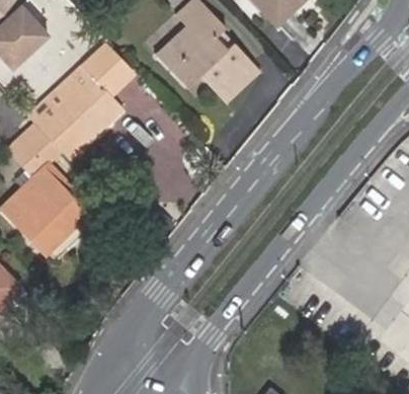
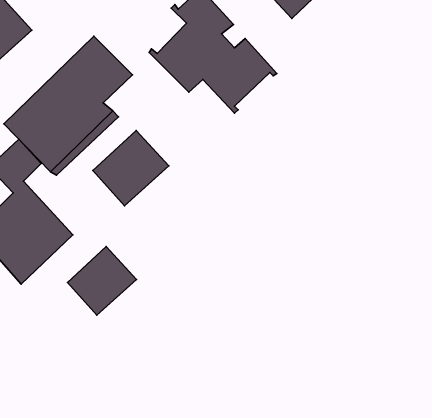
building: none -> [93,130,169,206]
building: none -> [68,247,136,315]

